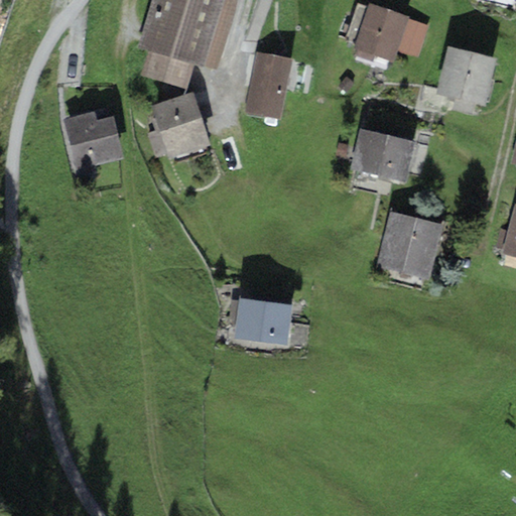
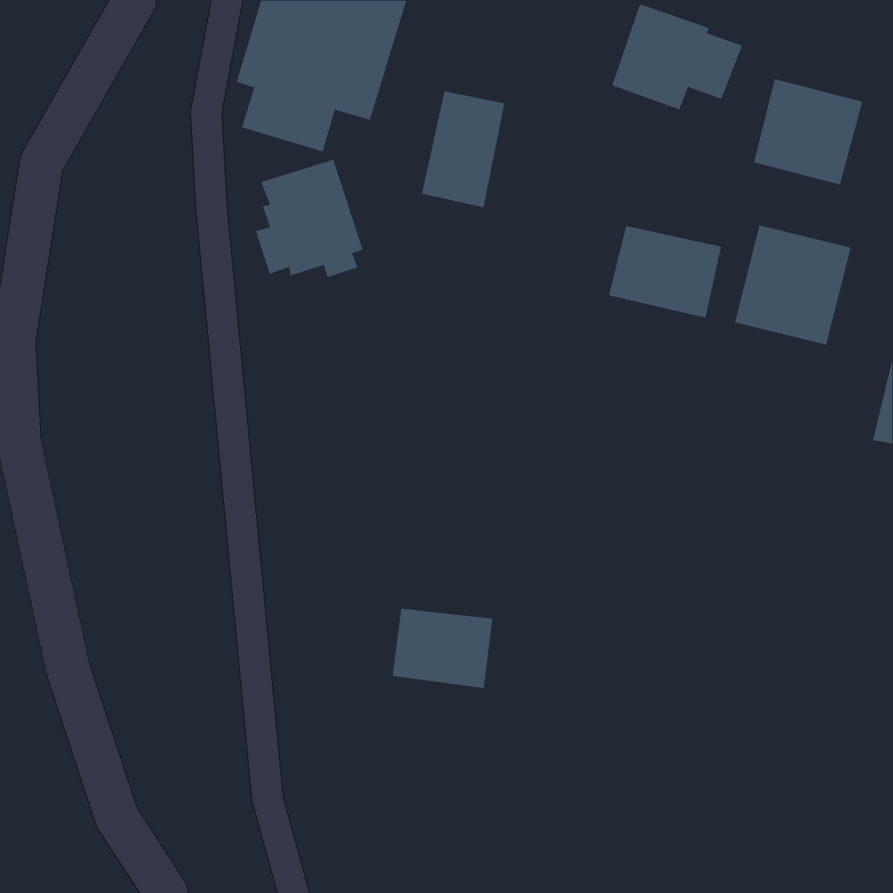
building: [62,111,123,169] -> none
building: [376,211,443,280] -> [734,225,851,345]
building: [234,298,292,345] -> [392,608,493,688]

